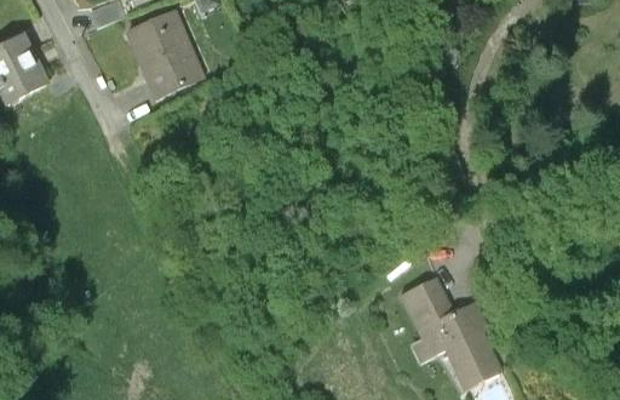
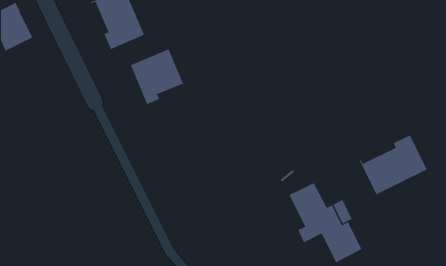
building: none -> [130,48,186,105]
building: none -> [359,135,427,195]

